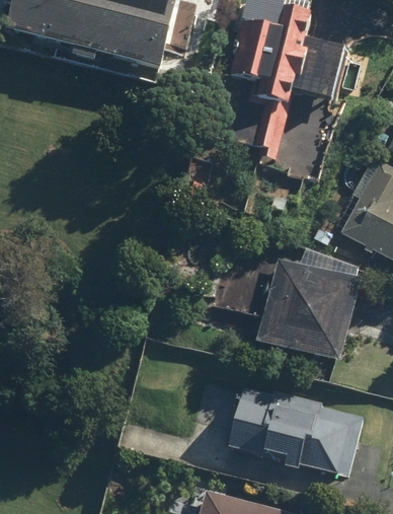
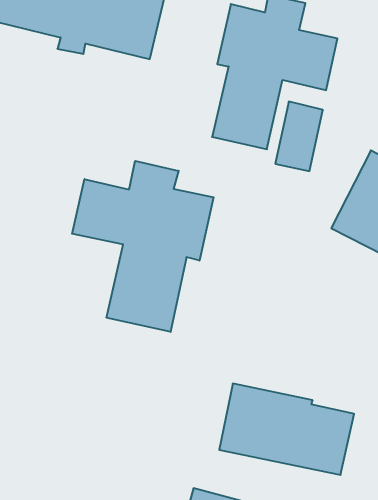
building: none -> [72,161,214,332]
building: [259,255,364,360] -> none

